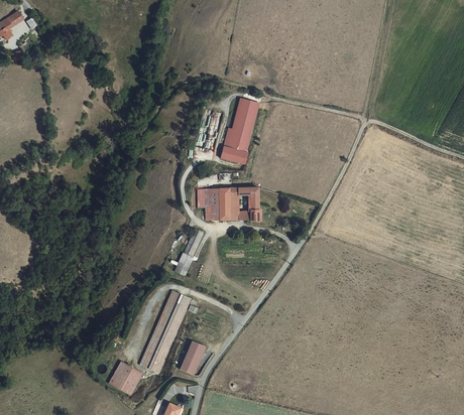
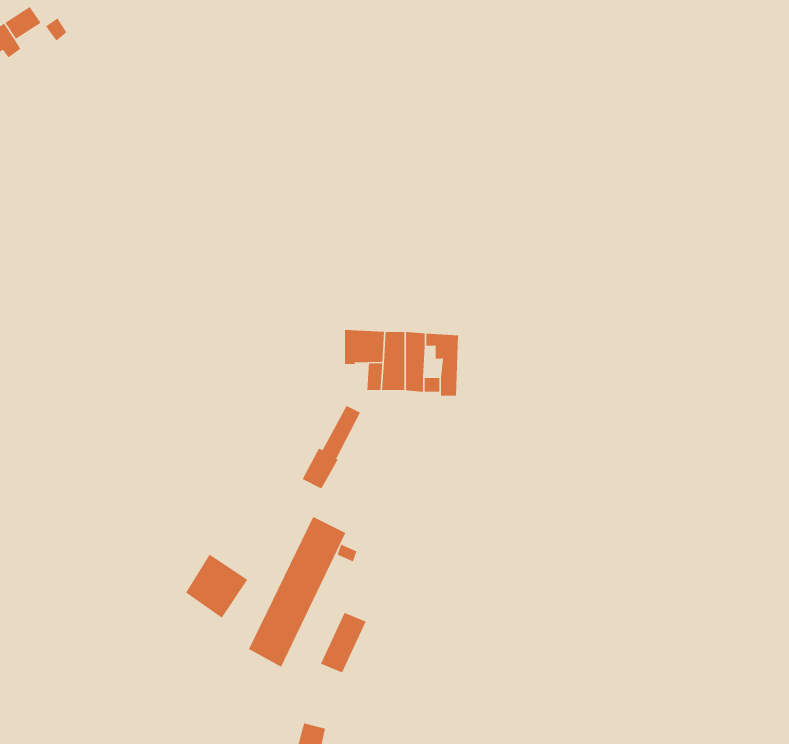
building: [218,100,260,166] -> none
building: [108,357,142,392] -> [185,554,248,619]

